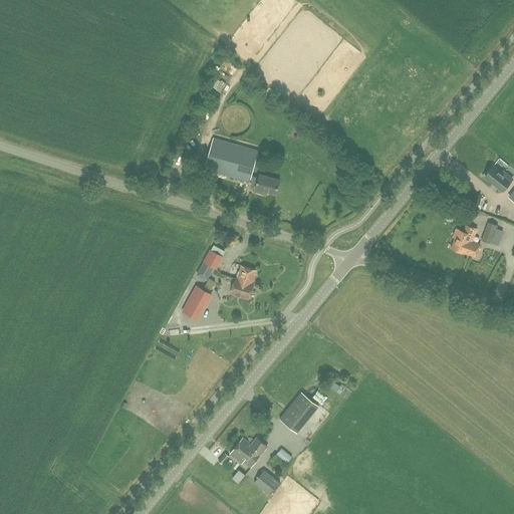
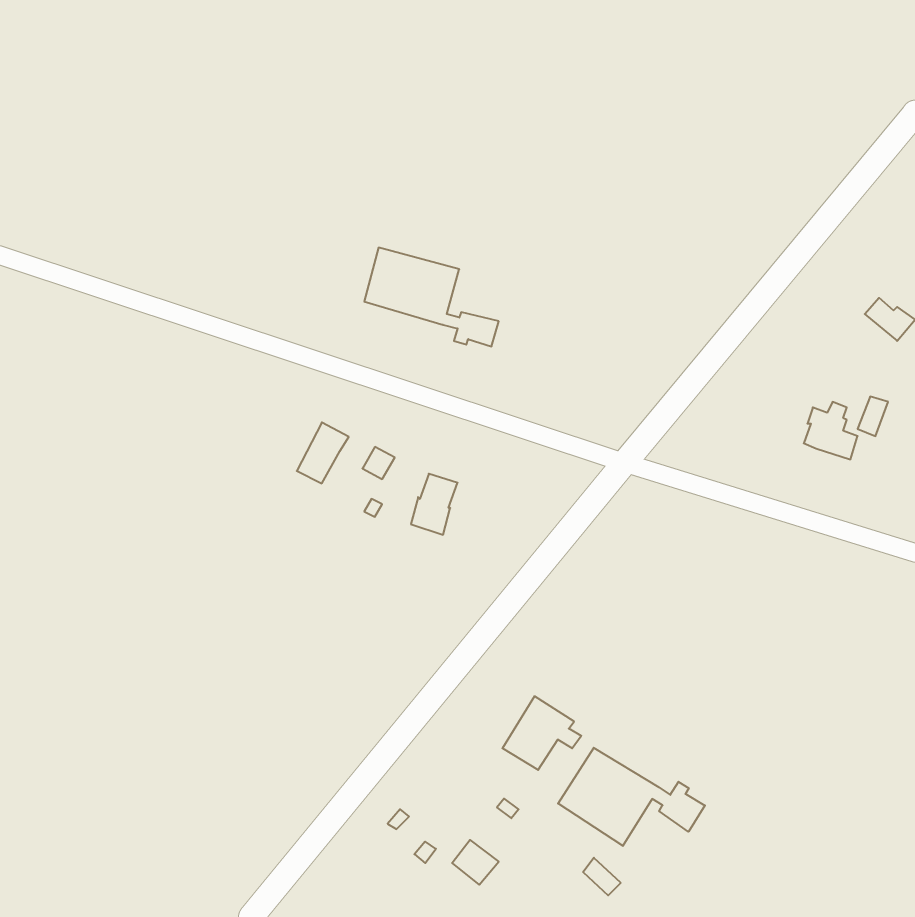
building: [182,285,211,319] -> [297,422,349,483]
building: none -> [558,748,705,846]
building: [229,438,266,468] -> none

